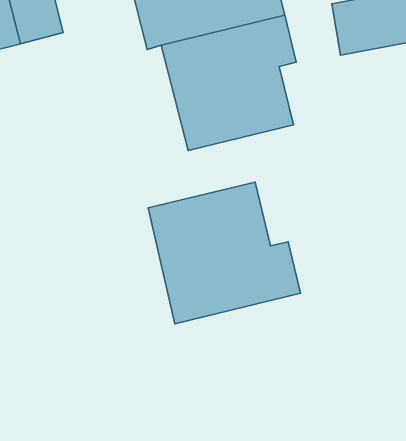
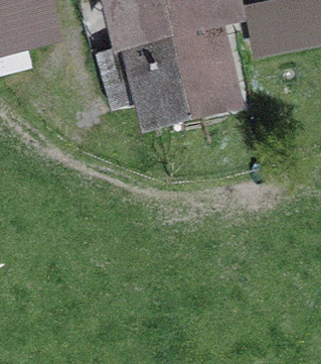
building: [148,182,300,324] -> none

